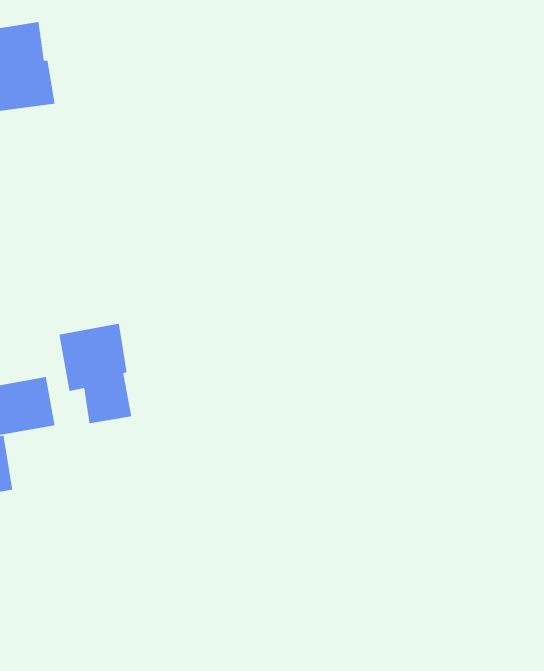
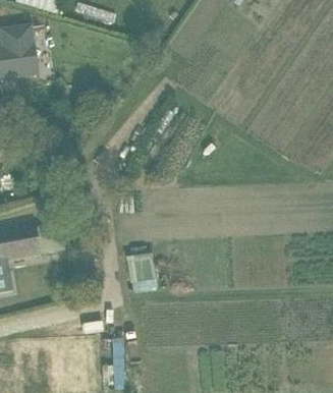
building: [59,323,132,424] -> none

